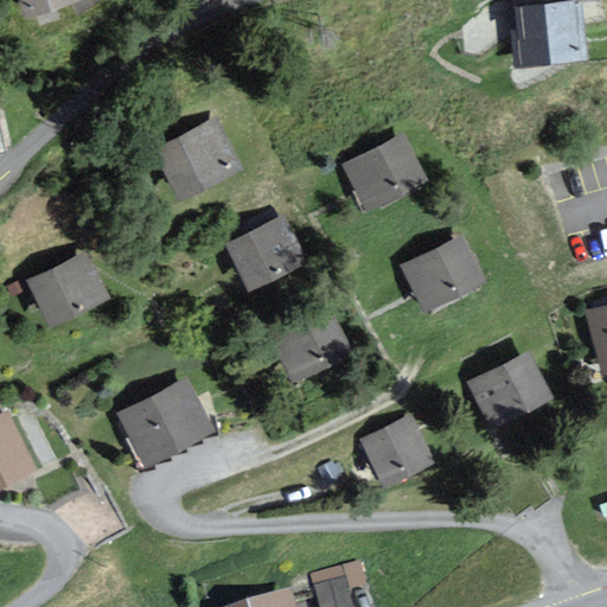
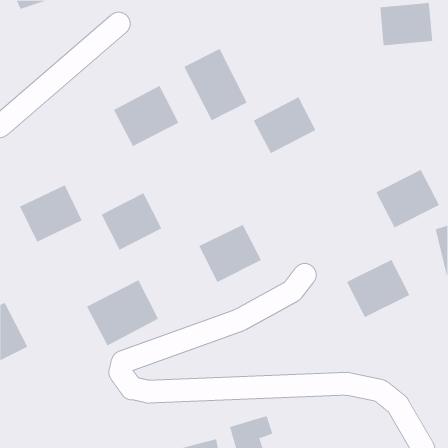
building: none -> [183,48,248,121]
building: [225,212,308,290] -> [101,192,162,250]
building: [401,232,487,312] -> [376,169,440,228]
building: [358,414,434,488] -> none

